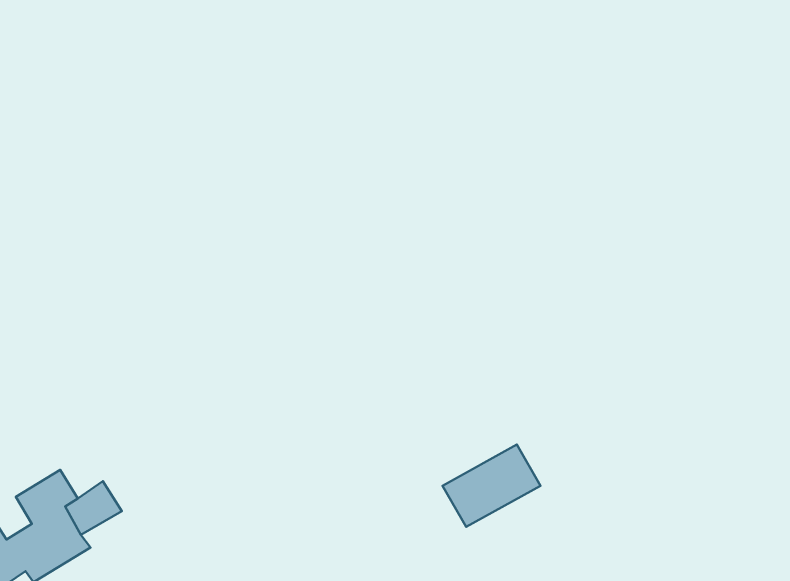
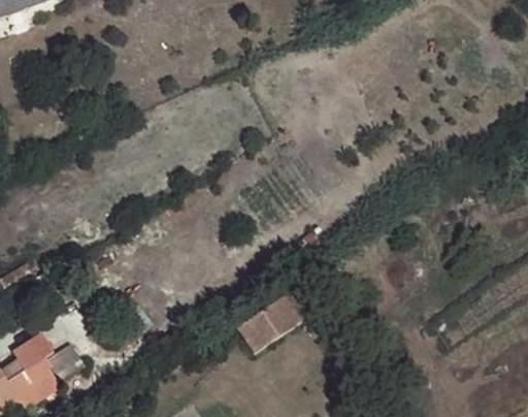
building: [442,445,541,527] -> [239,296,303,350]

